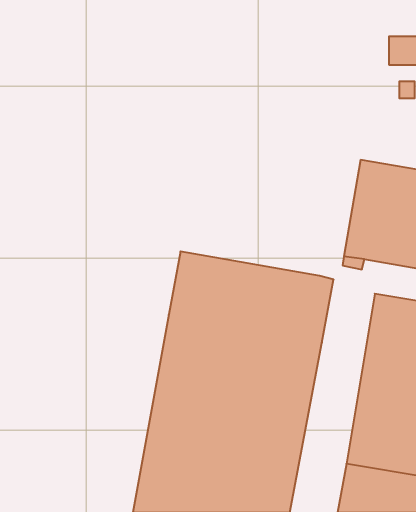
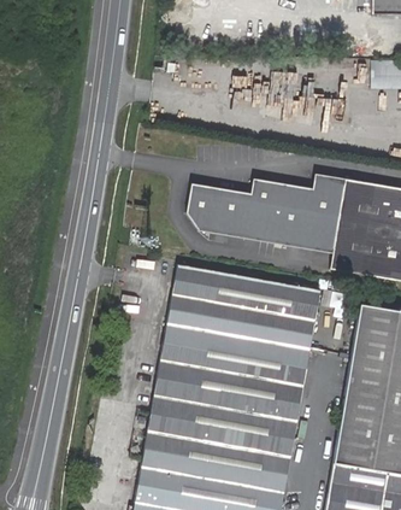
building: none -> [188,174,347,253]

